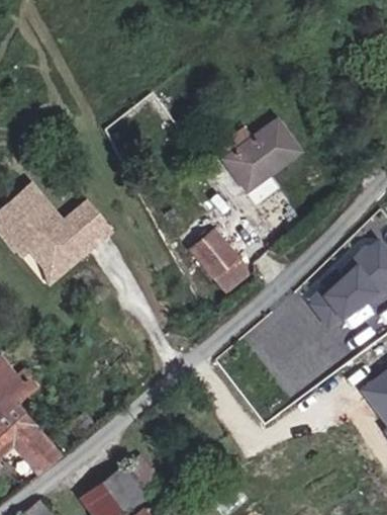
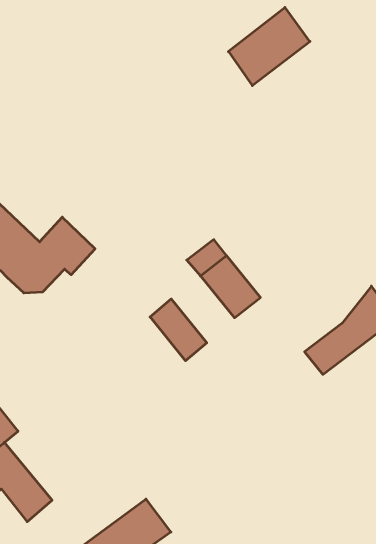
building: [228,120,301,190] -> [228,7,310,86]
building: none -> [150,299,207,361]

